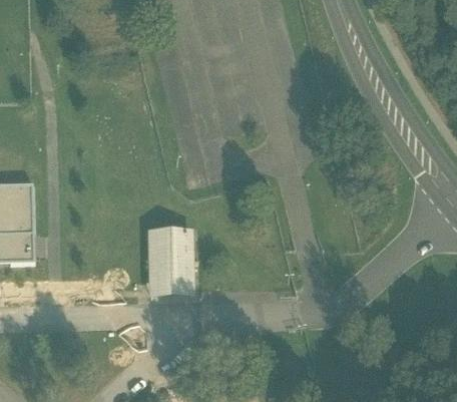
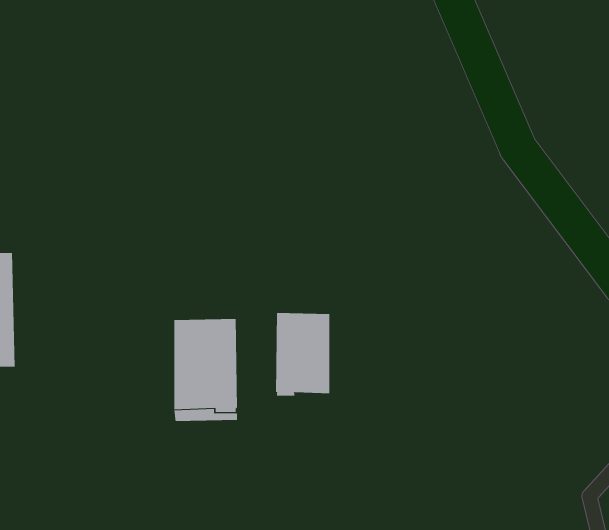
building: none -> [275,312,330,397]

